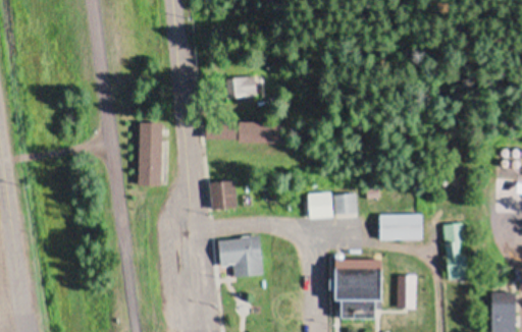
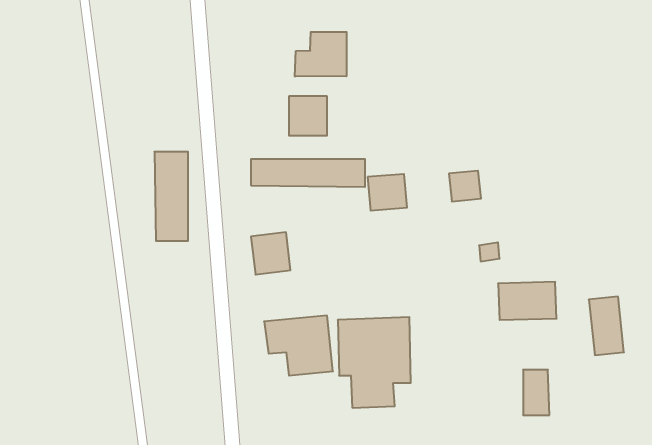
building: none -> [295,32,347,77]
building: [302,192,329,218] -> [368,174,407,211]
building: [333,195,356,216] -> [449,171,481,201]
building: [329,258,380,321] -> [338,317,411,408]

